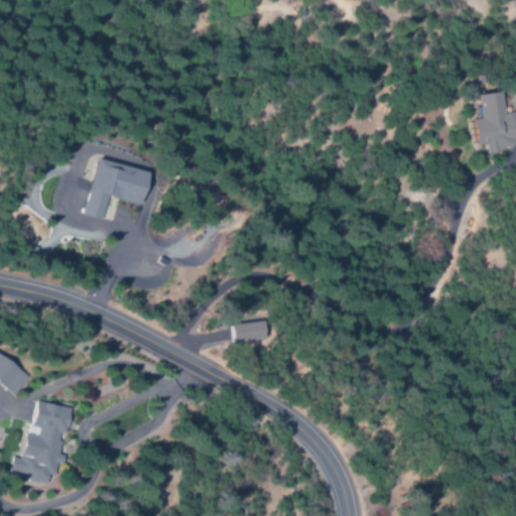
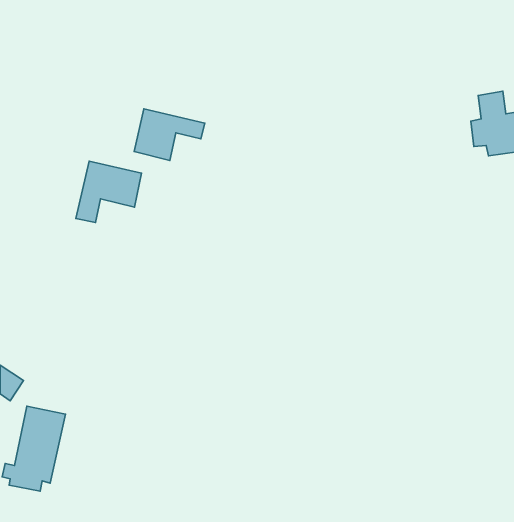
building: none -> [134,109,205,160]
building: [234,320,267,342] -> none

